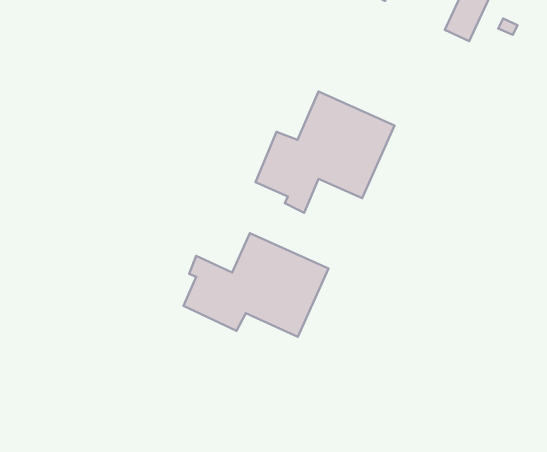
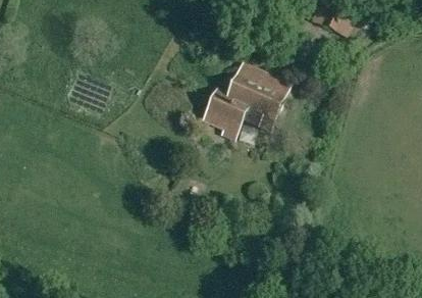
building: [183,233,328,337] -> none

